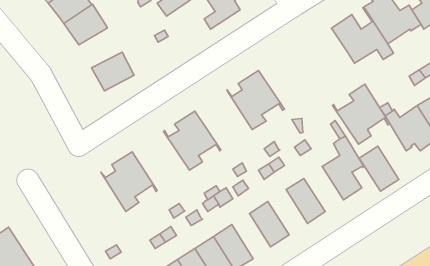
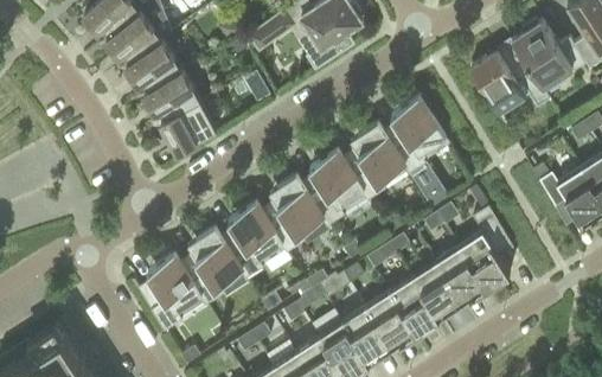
building: none -> [147,68,203,119]
building: [333,84,390,144] -> [378,95,451,172]
building: none -> [296,148,370,224]
building: none -> [216,200,289,276]
building: [359,146,399,191] -> [436,245,487,303]
building: none -> [134,253,207,330]
building: none -> [390,275,441,333]
building: none -> [344,306,393,364]

